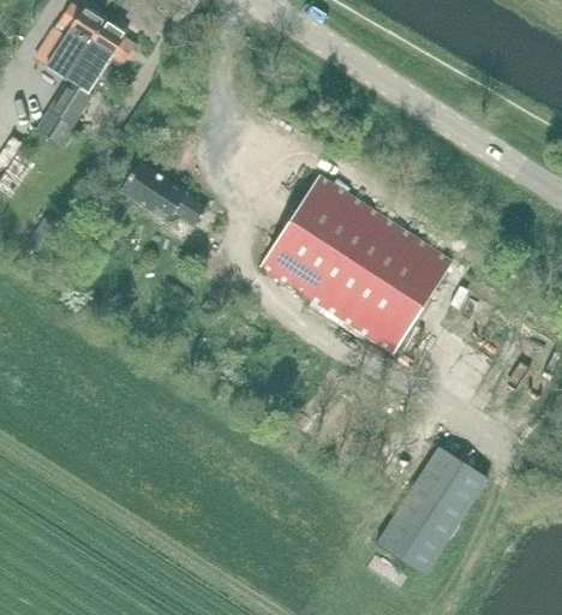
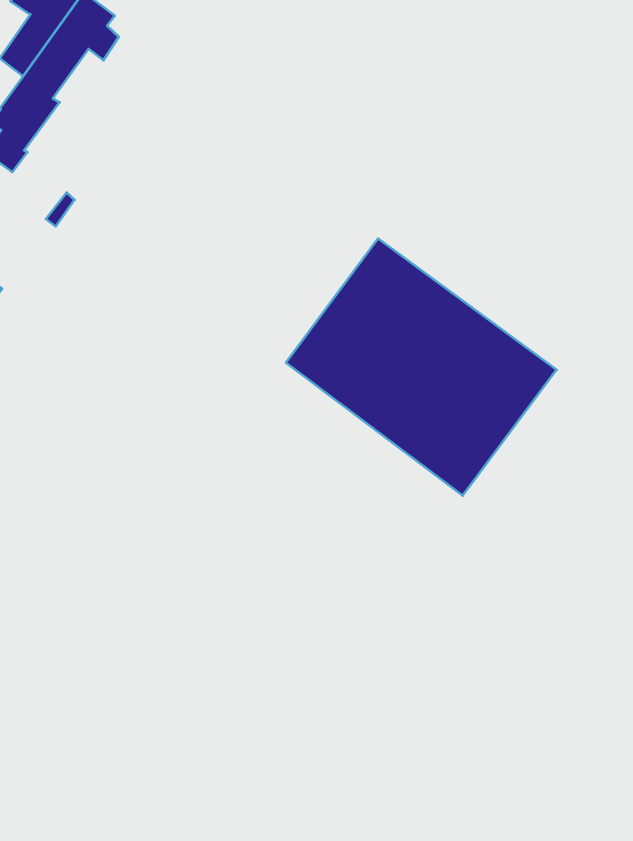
building: [119,161,205,223] -> none
building: [373,444,489,575] -> none

